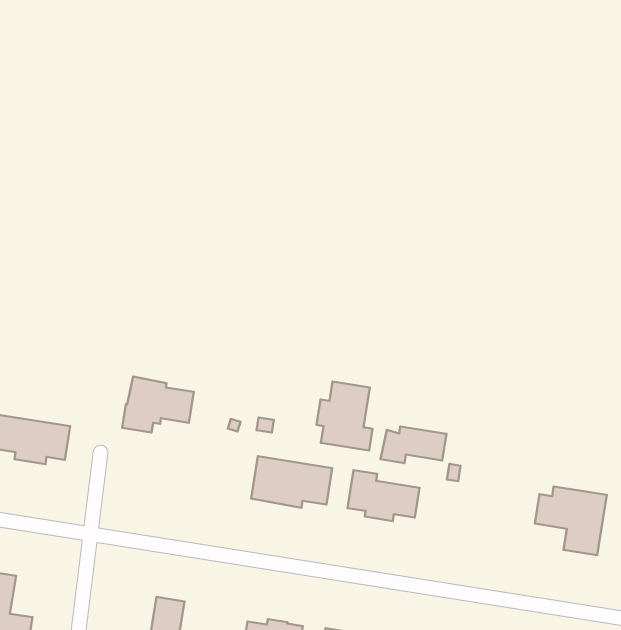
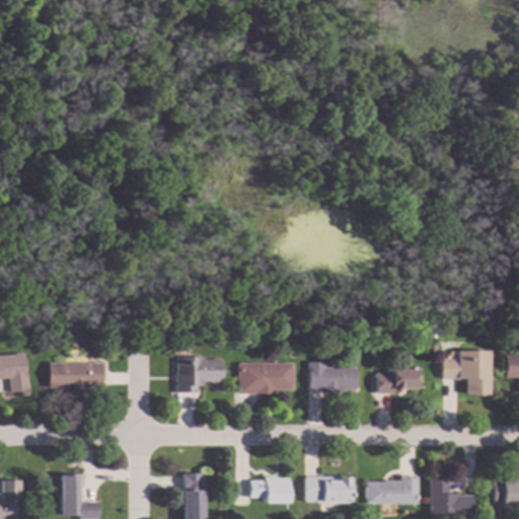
building: [122,376,194,433] -> [177,355,224,392]
building: [316,382,372,450] -> none
building: [381,426,446,463] -> [377,368,421,393]

